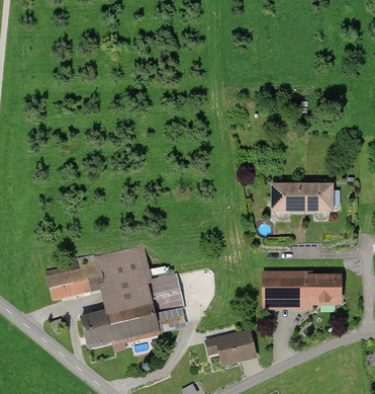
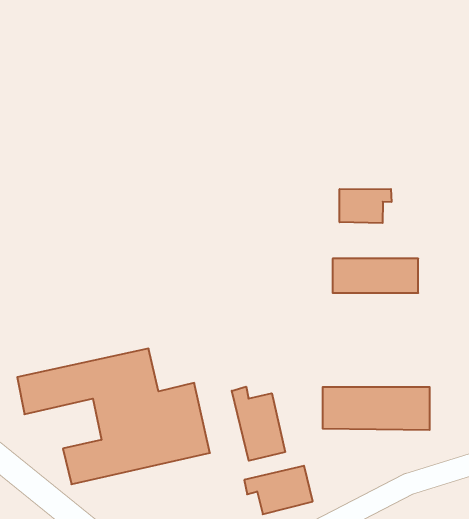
building: none -> [340,189,391,223]
building: none -> [232,387,285,461]

